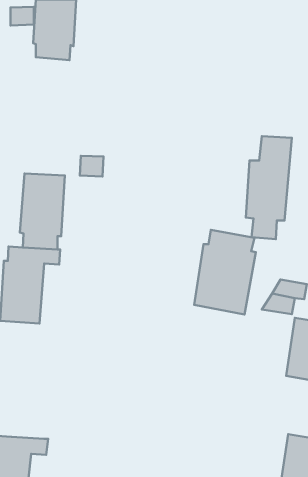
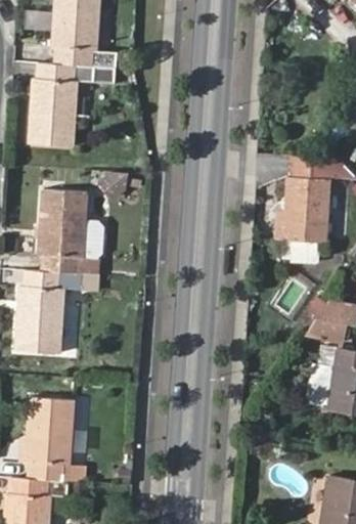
building: none -> [29,62,112,146]
building: [194,230,256,314] -> none
building: none -> [25,397,74,480]

